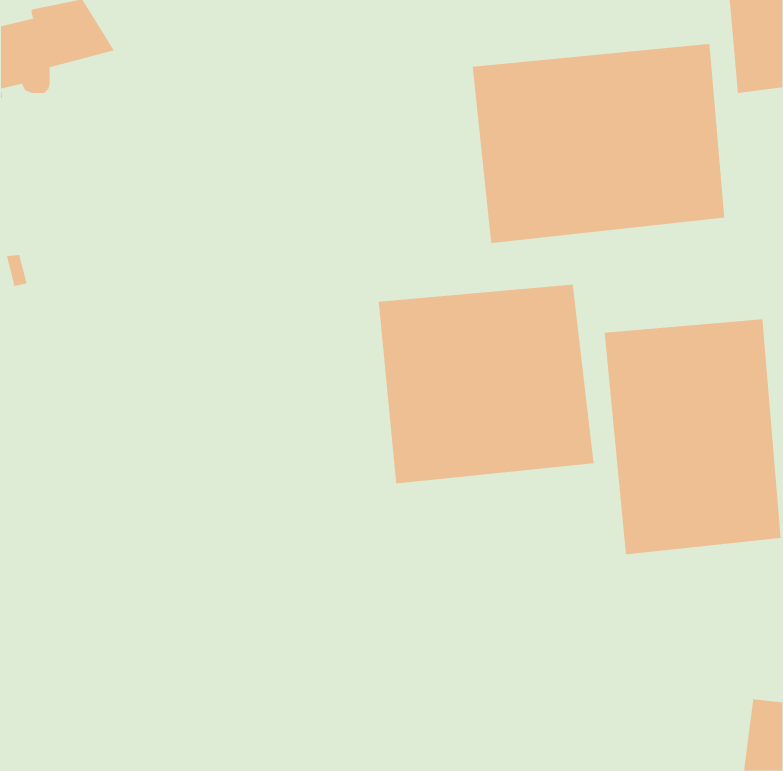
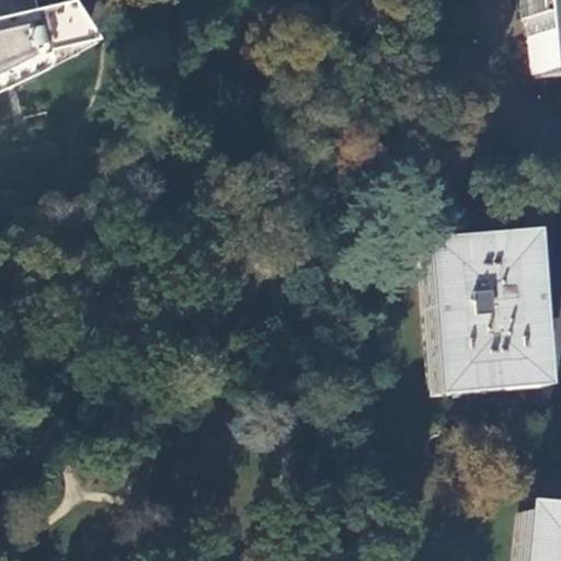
building: [472,43,725,244] -> none
building: [378,284,594,484] -> none

